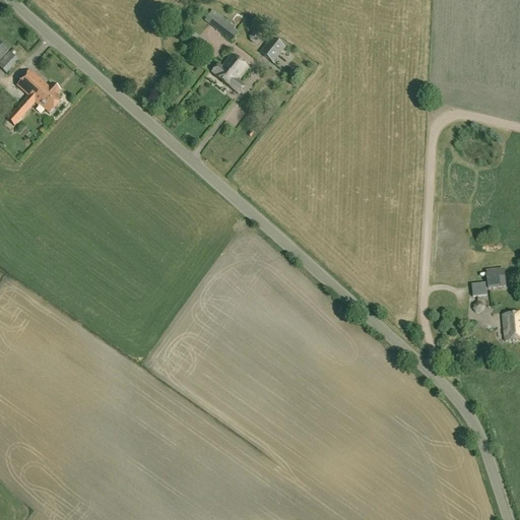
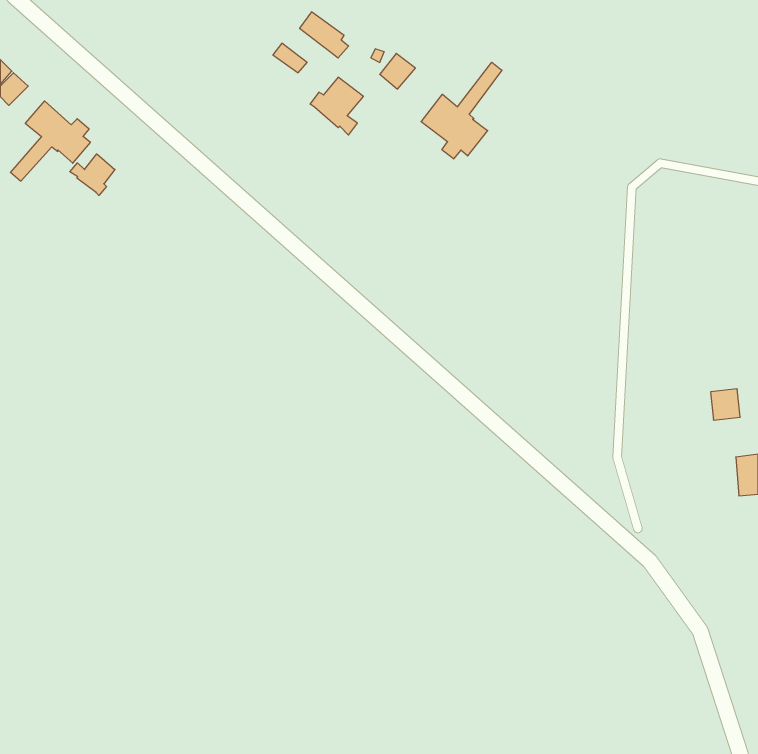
building: none -> [421,62,502,159]
building: none -> [70,154,115,195]

